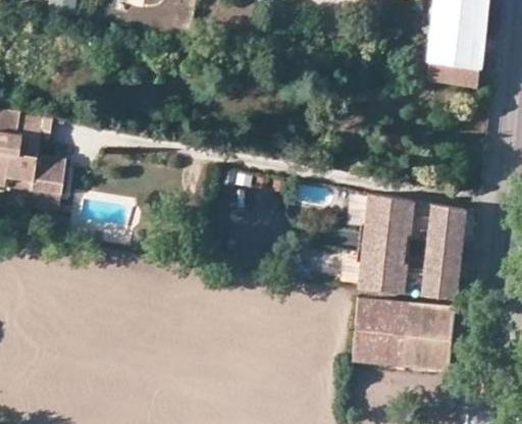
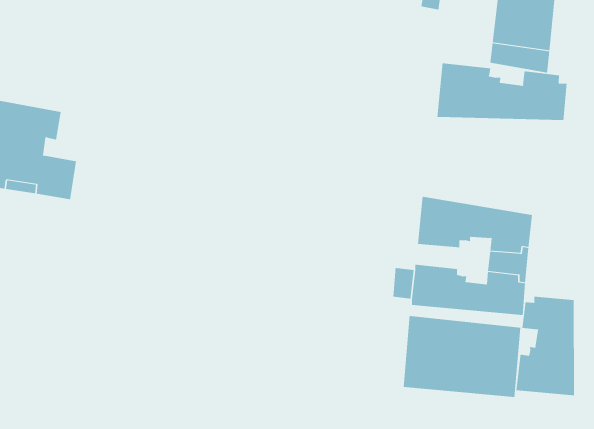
building: none -> [437,62,567,121]
building: [362,232,407,263] -> none
building: none -> [516,296,575,396]

